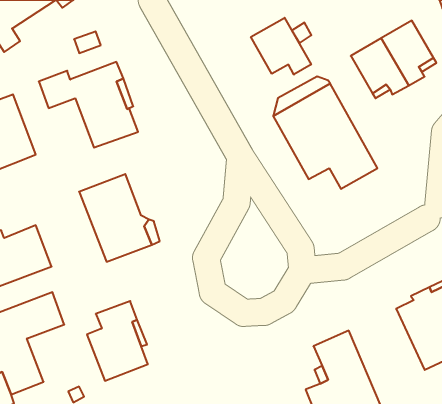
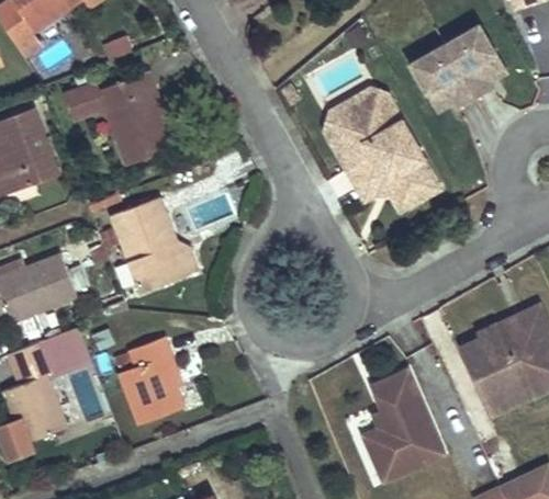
building: [251,18,311,75] -> none

